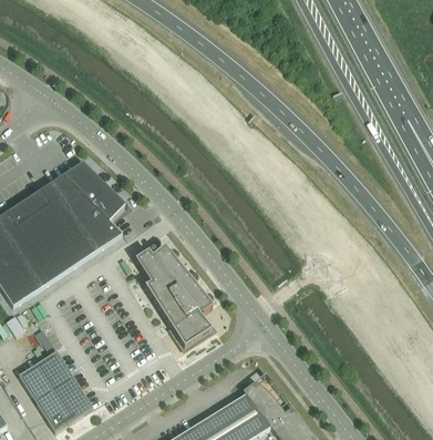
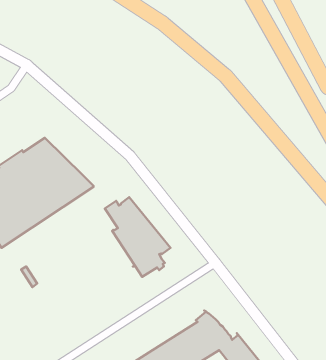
building: [61,162,126,221] -> none
building: [18,351,91,431] -> none

